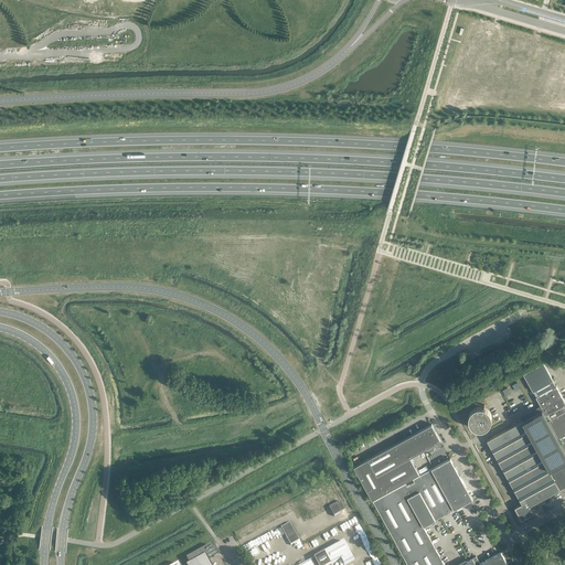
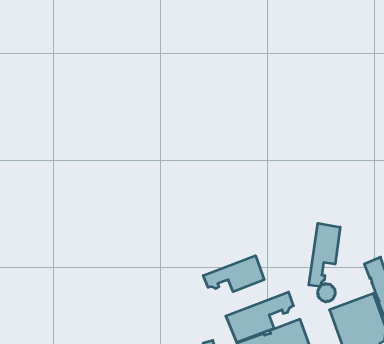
building: none -> [309,223,340,286]
building: none -> [203,256,264,292]

